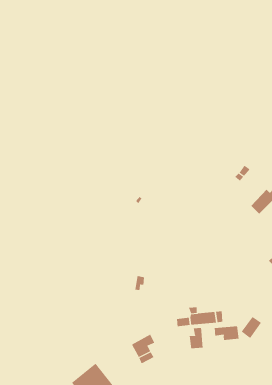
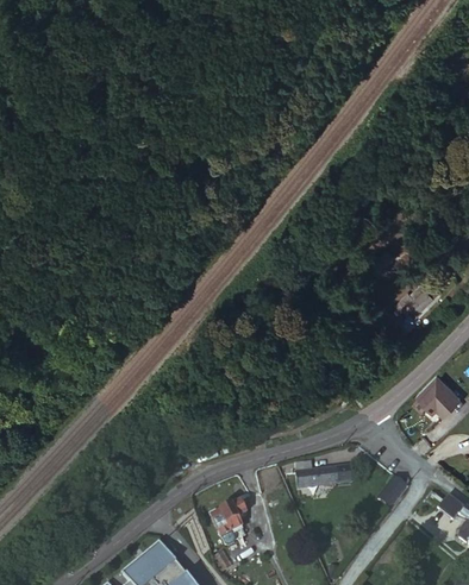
building: [214,326,239,341] -> none
building: [189,327,203,349] -> none

